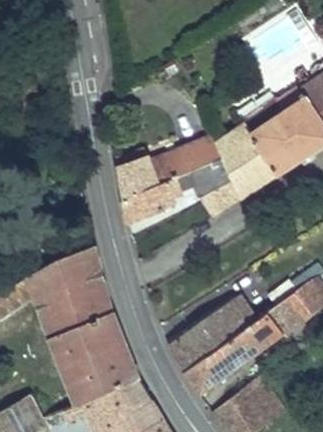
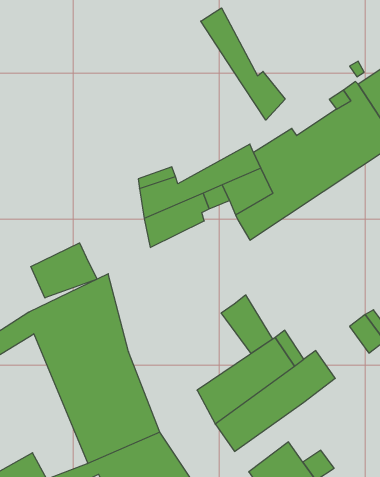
building: none -> [201,8,285,120]
building: none -> [31,243,97,298]
building: none -> [221,295,272,354]
building: [267,291,311,334] -> none

